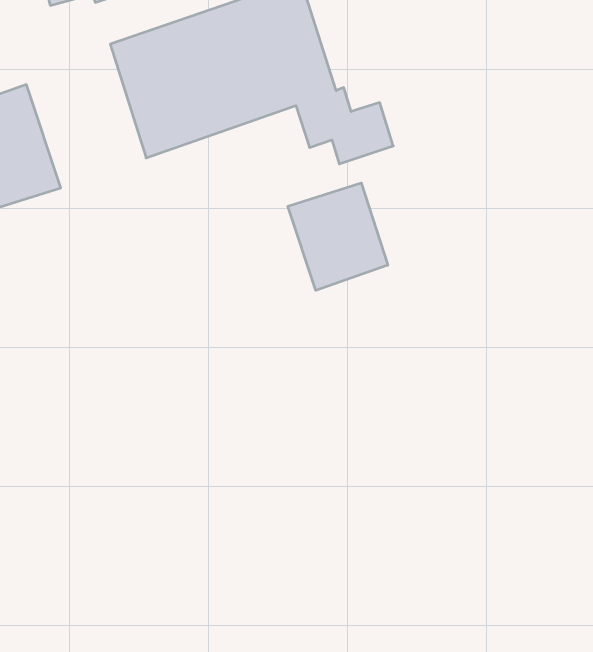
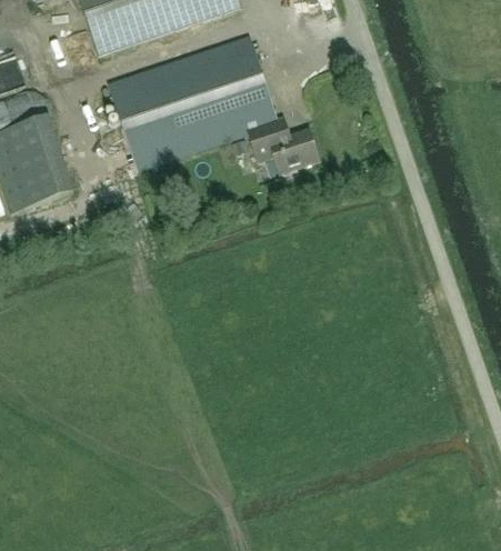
building: [288,183,388,290] -> none

